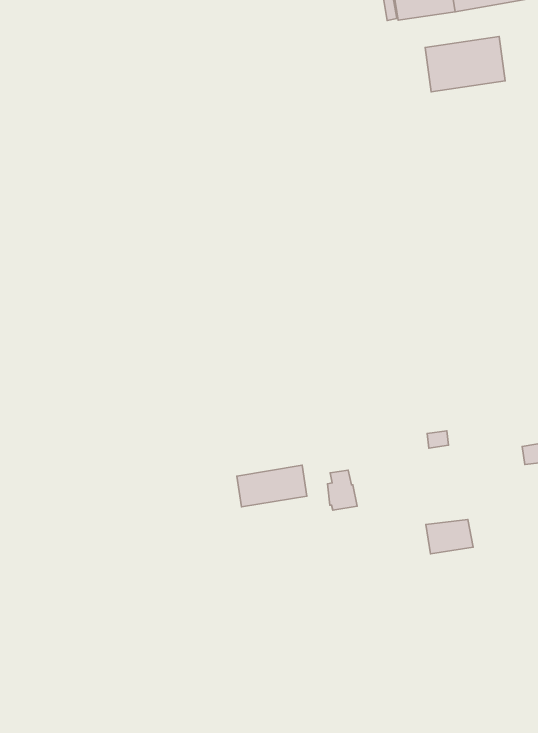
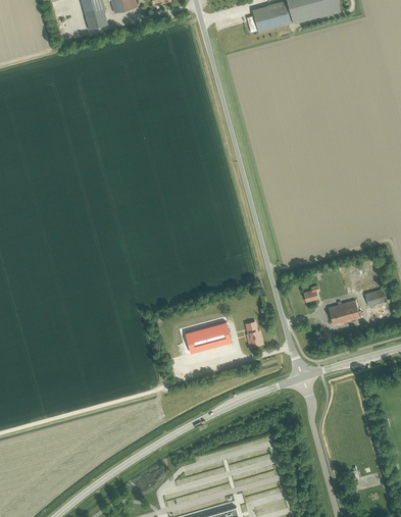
building: [425,37,505,92] -> none
building: [426,519,473,554] -> [329,301,360,325]

